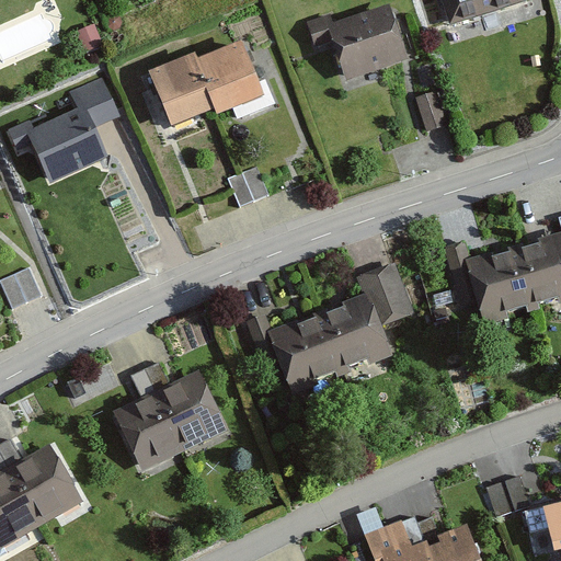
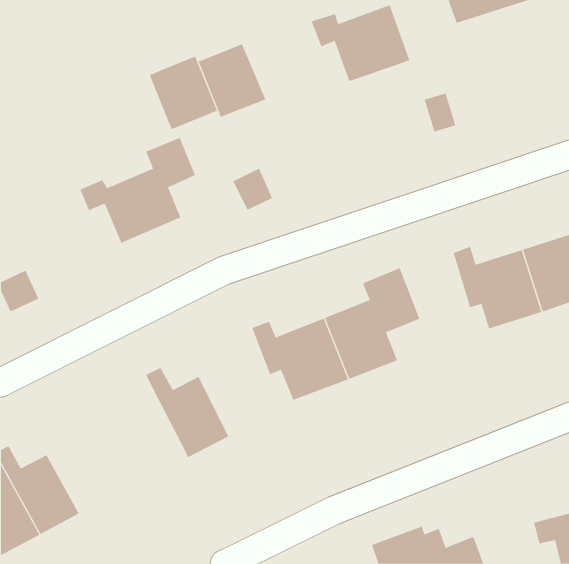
building: [7,78,121,182] -> [79,137,196,243]
building: [113,367,186,470] -> none
building: [484,474,530,516] -> none

